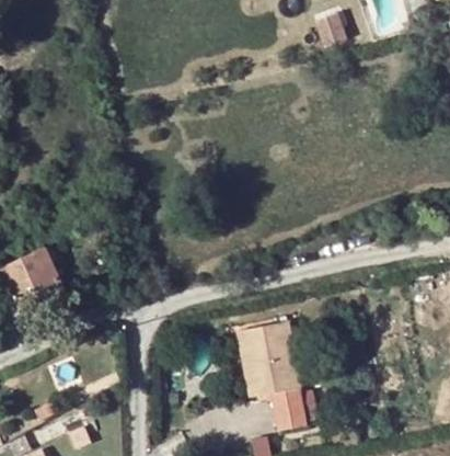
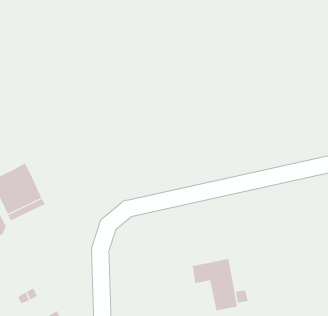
building: [239,323,292,373] -> none

